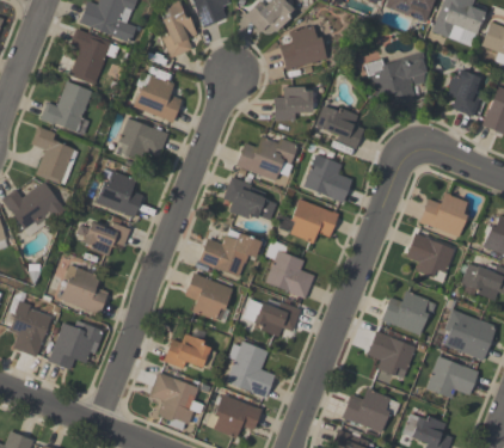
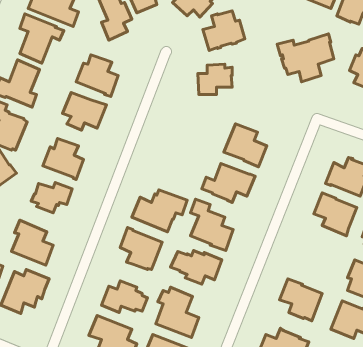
building: [315,105,364,149] -> none
building: [235,136,299,182] -> none
building: [223,177,276,220] -> none
building: [381,290,436,335] -> none

